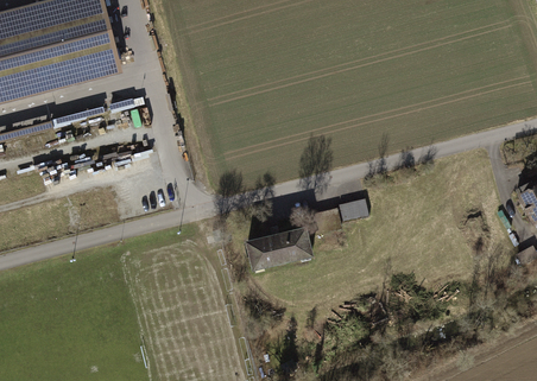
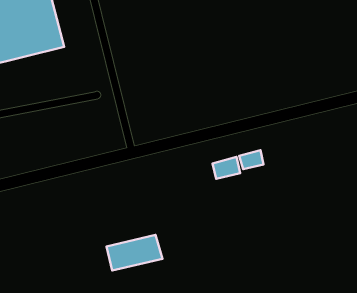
building: [239,228,308,272] -> [107,235,162,271]

